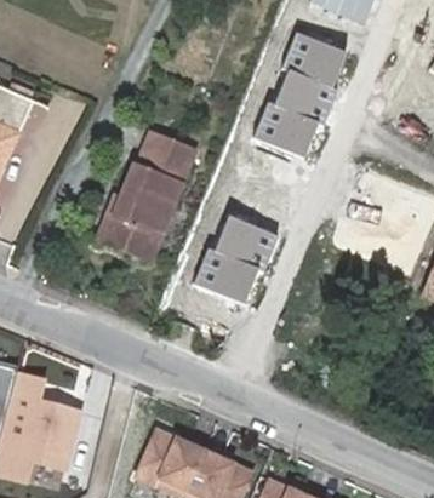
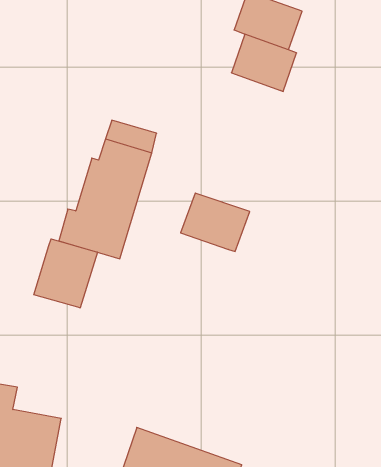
building: [251,99,316,155] -> none
building: none -> [34,239,97,308]
building: [190,245,255,300] -> none

